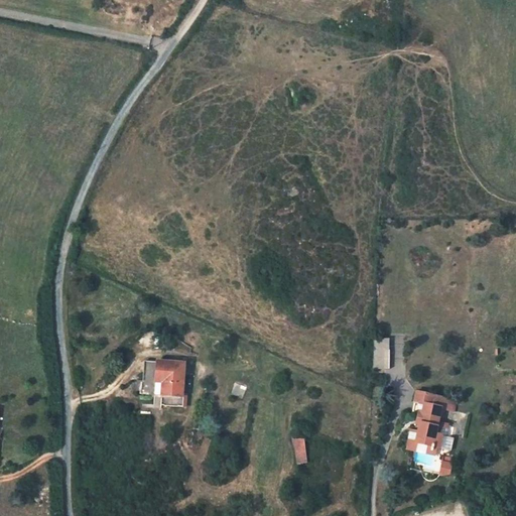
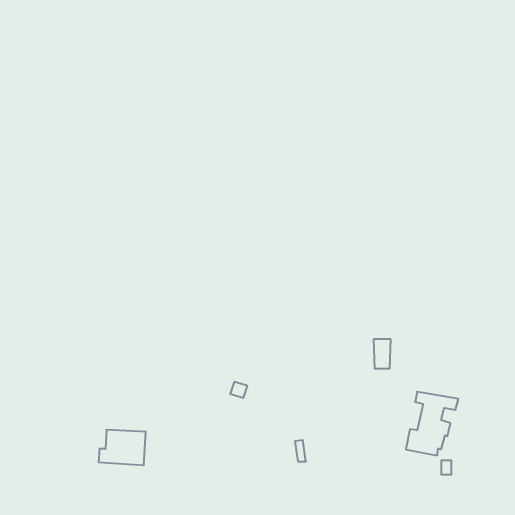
building: [137,360,184,395] -> [98,430,146,465]

